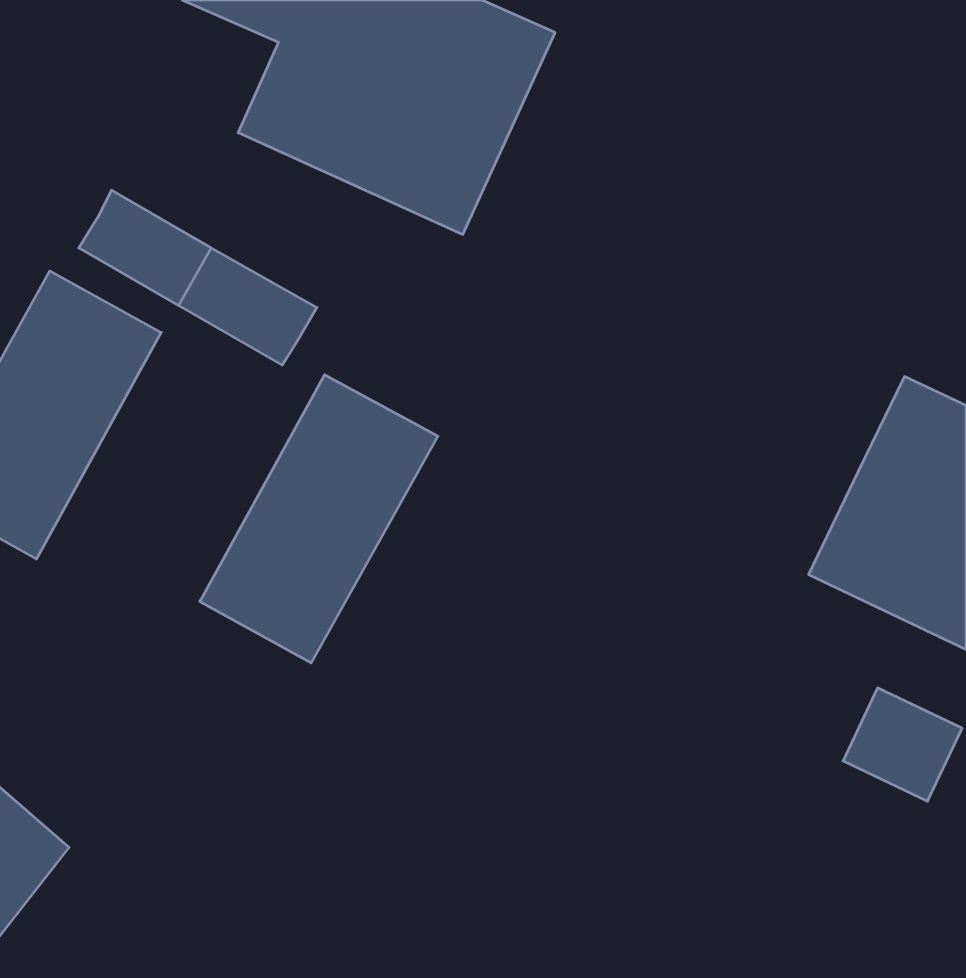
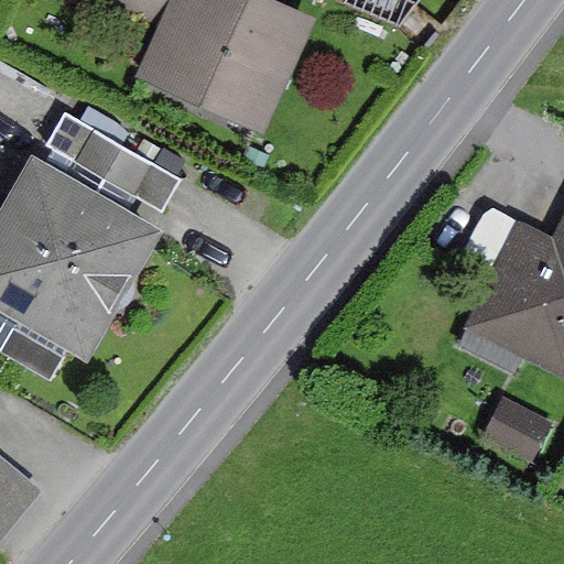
building: [200,375,438,663] -> [21,193,158,358]

